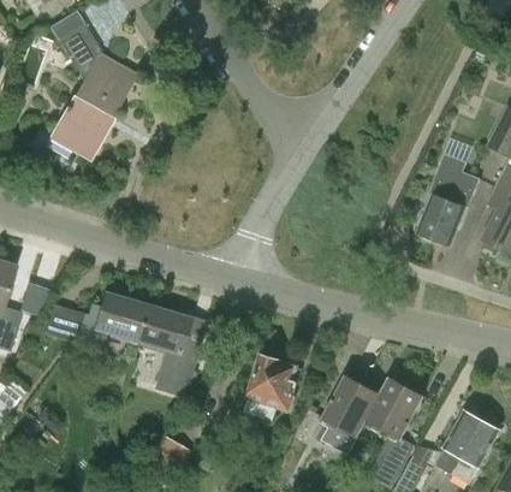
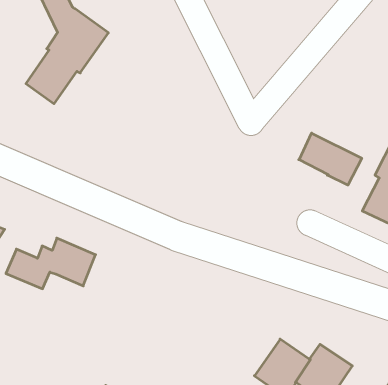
building: none -> [299,133,362,185]
building: [136,306,197,396] -> none
building: [248,352,301,407] -> none

